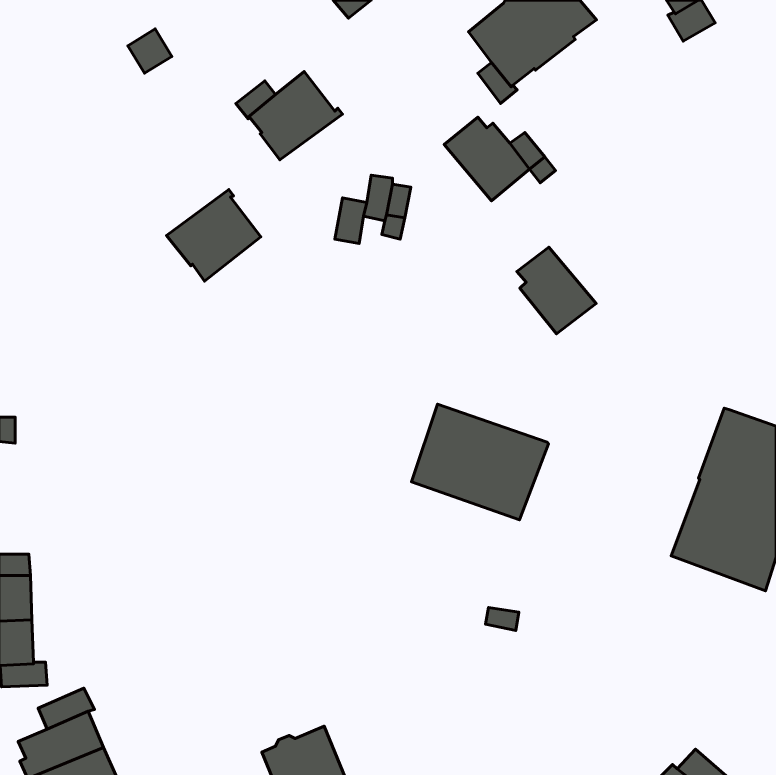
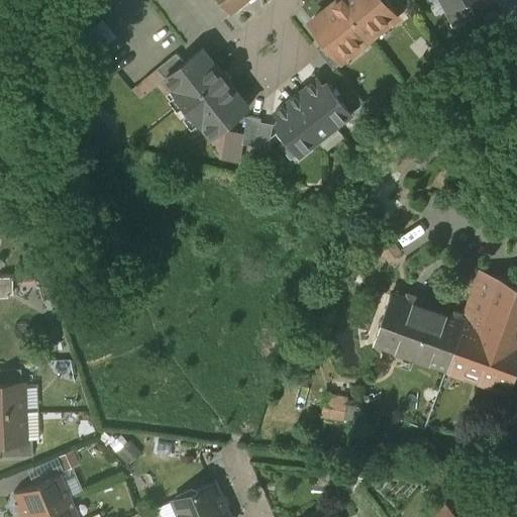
building: [167,190,261,281] -> [186,78,248,138]
building: [517,247,596,334] -> [274,98,326,156]
building: [412,404,549,520] -> [374,294,464,371]

